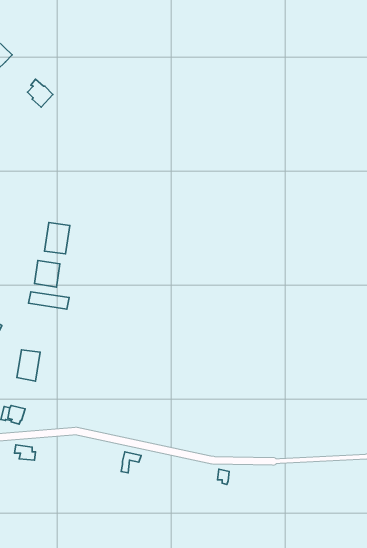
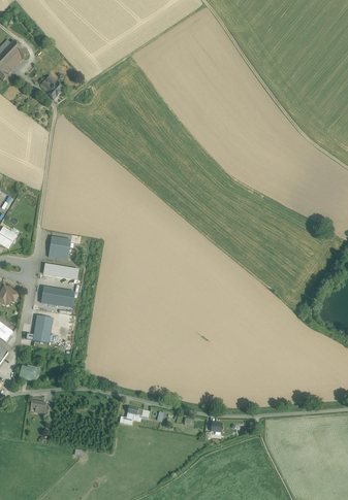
building: [45,223,70,254] -> none
building: none -> [40,288,74,307]

